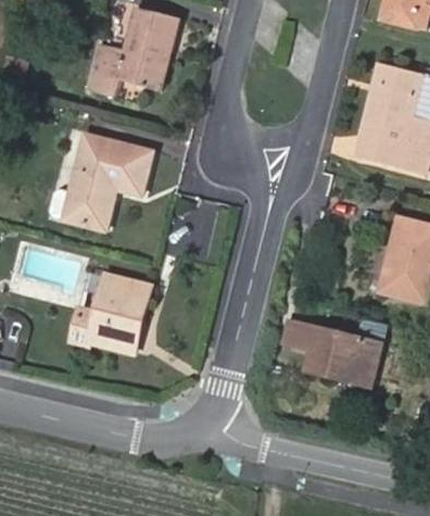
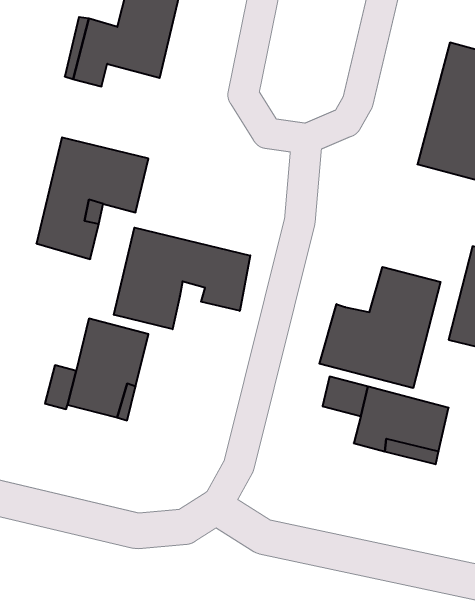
building: none -> [114,228,250,329]
building: none -> [319,267,441,388]

